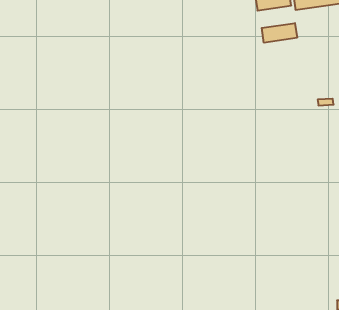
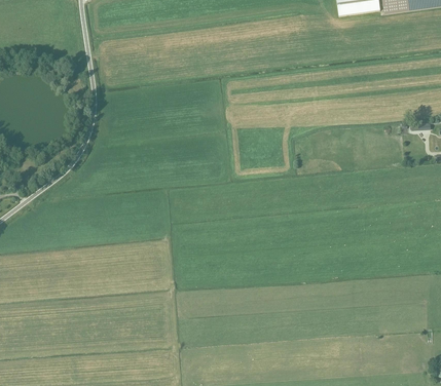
building: [262,23,297,43] -> none

